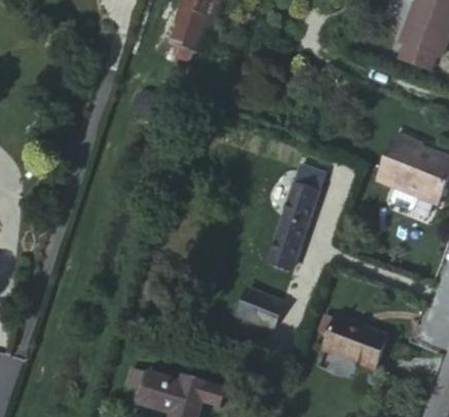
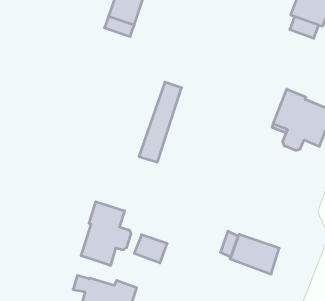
building: [269,165,323,266] -> [139,82,182,162]
building: none -> [81,202,131,266]
building: [239,290,281,325] -> [134,235,167,263]

